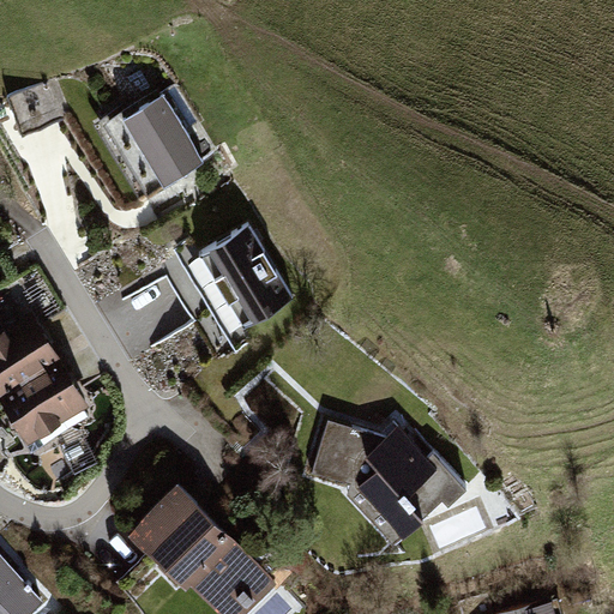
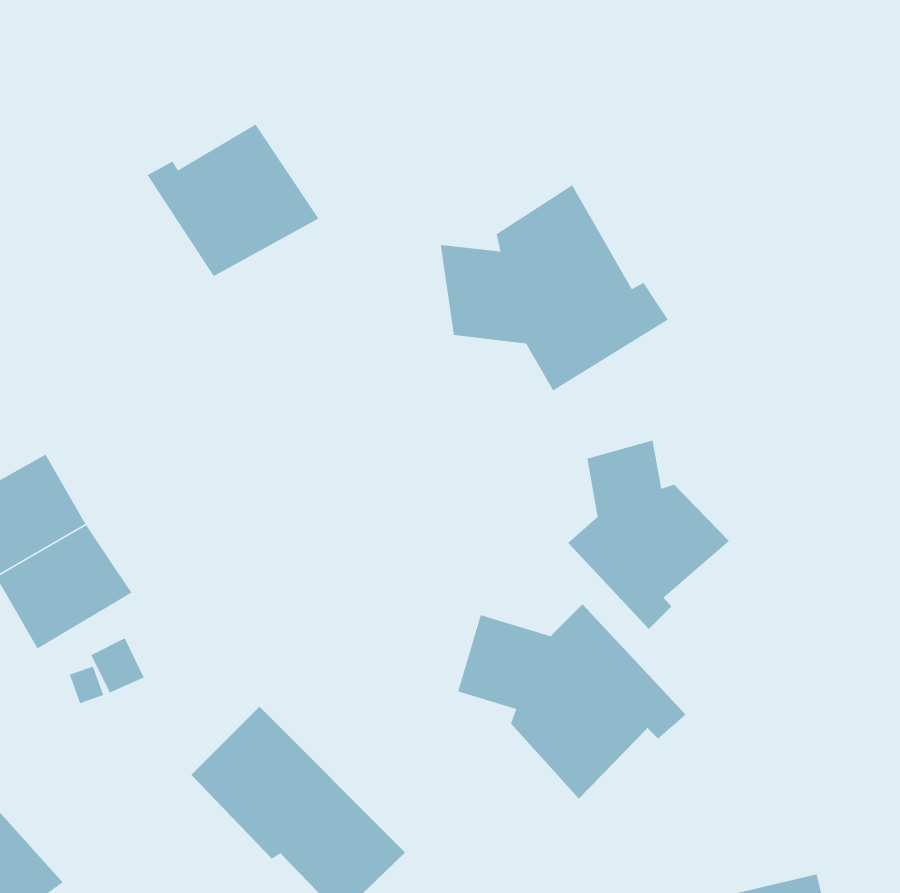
building: none -> [440,184,669,391]
building: [186,228,293,335] -> none
building: none -> [567,440,730,630]

